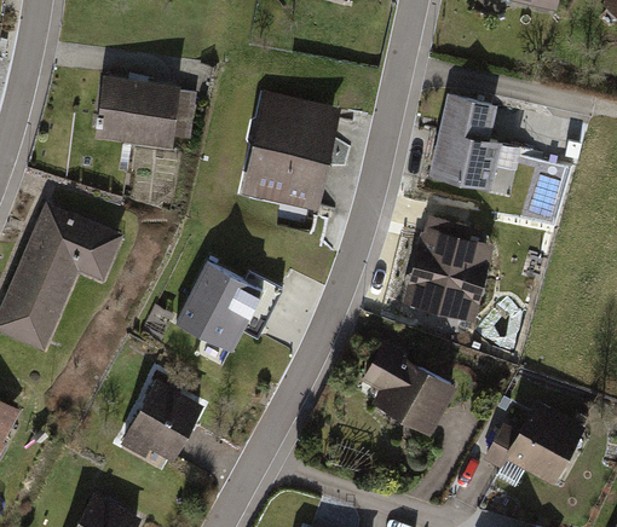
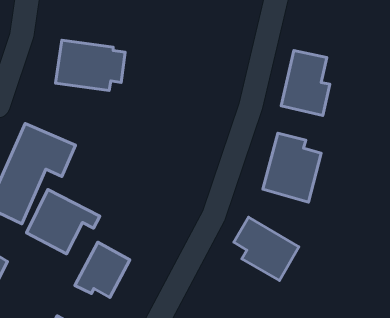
building: [243,92,339,209] -> none
building: [171,260,282,357] -> [26,190,100,254]
building: [483,404,583,487] -> none

